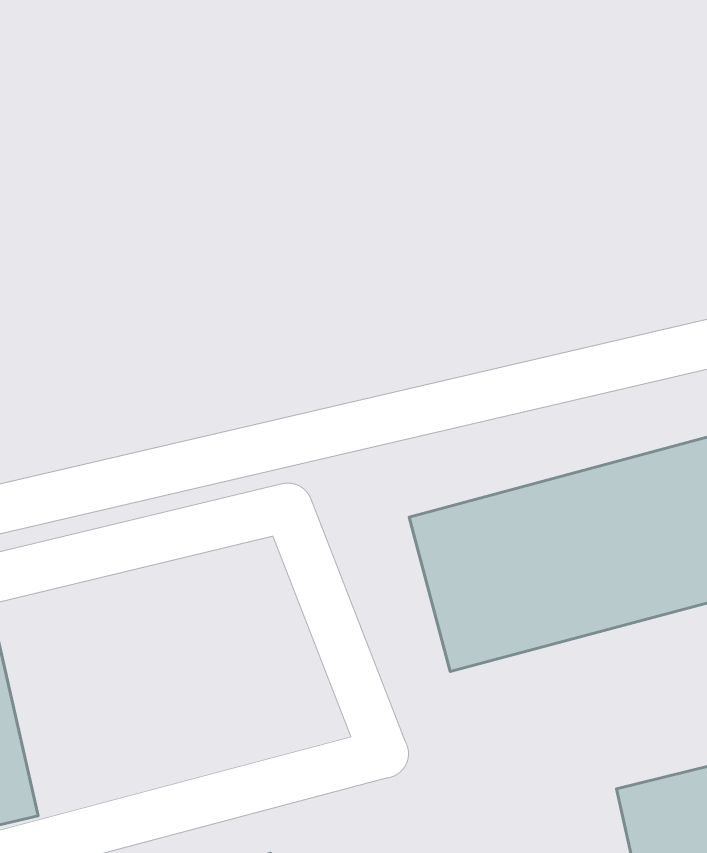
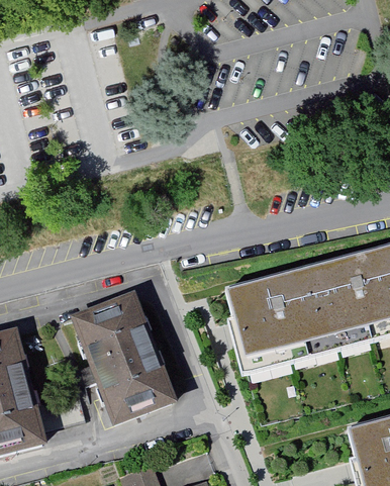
building: none -> [72,294,177,426]

